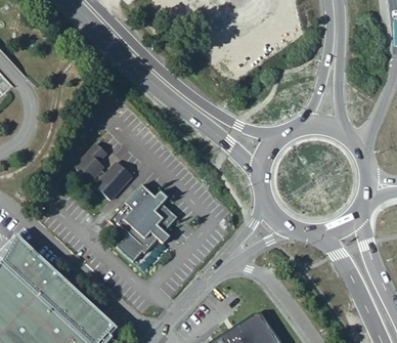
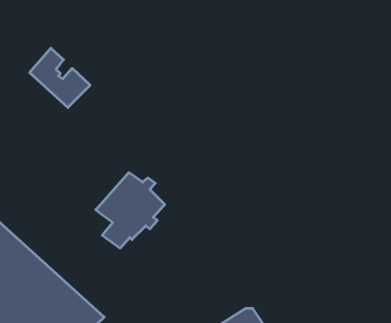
building: [76,142,134,200] -> [30,48,90,108]

